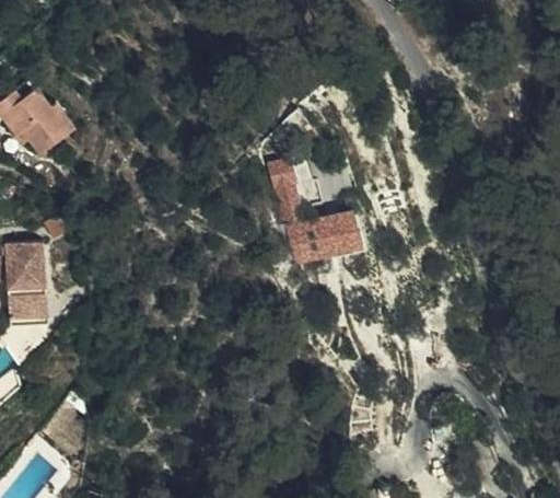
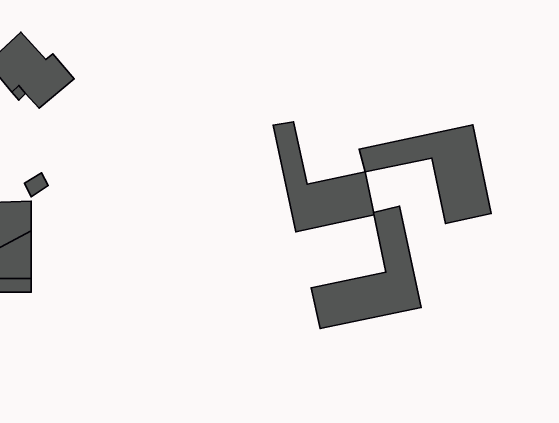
building: none -> [359,125,491,223]
building: none -> [311,206,421,329]

